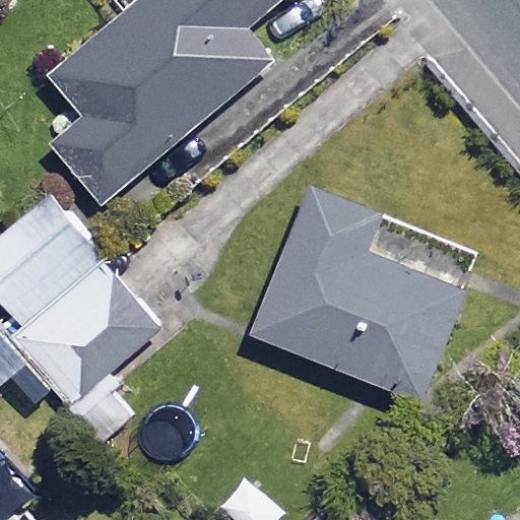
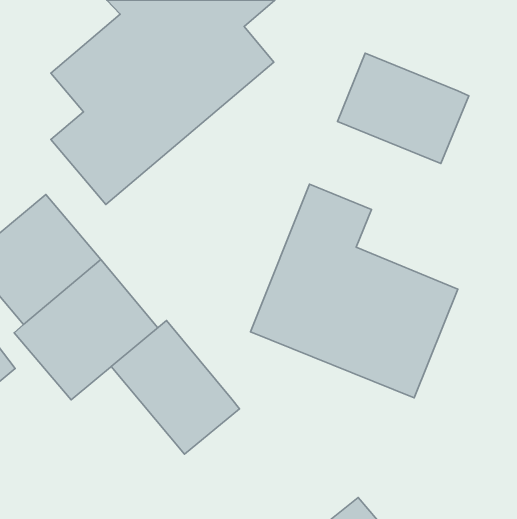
building: none -> [338,53,469,163]
building: none -> [111,320,240,454]

